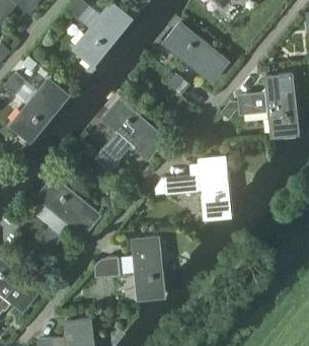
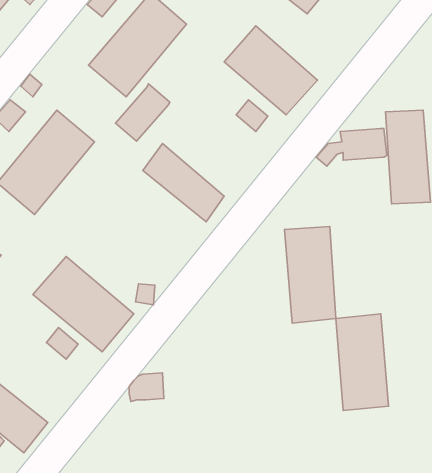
building: [94,129,131,167] -> [116,84,170,141]
building: [155,161,201,192] -> none
building: [130,243,165,307] -> [336,314,388,411]

